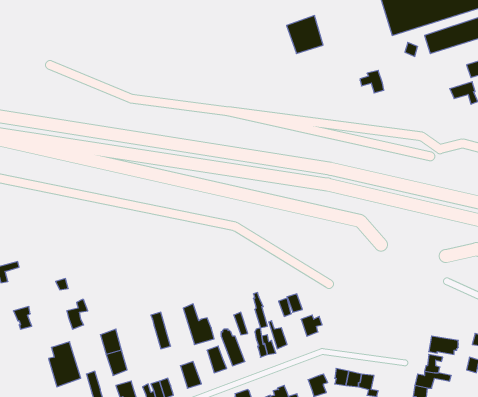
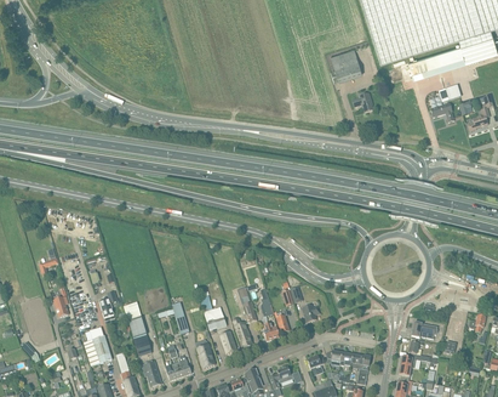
building: [287,16,323,54] -> [330,47,361,80]

